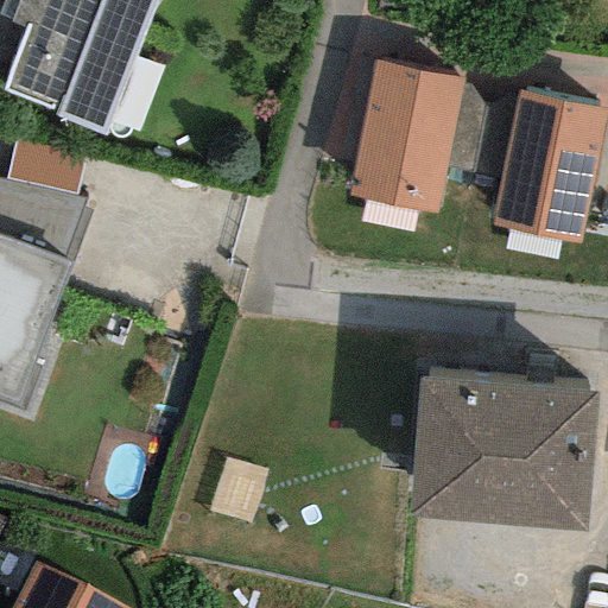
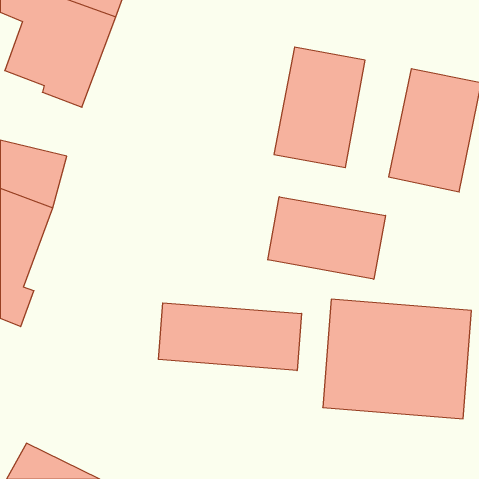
building: none -> [268,197,385,279]
building: none -> [158,303,302,371]

